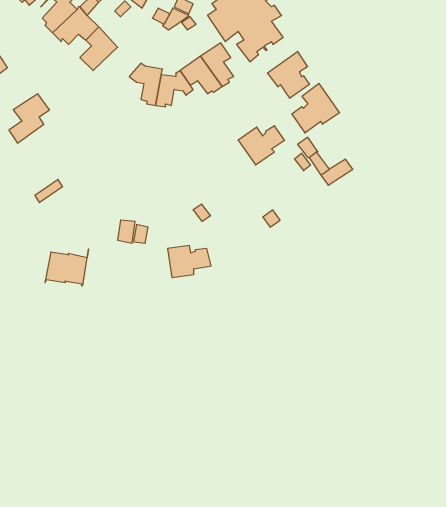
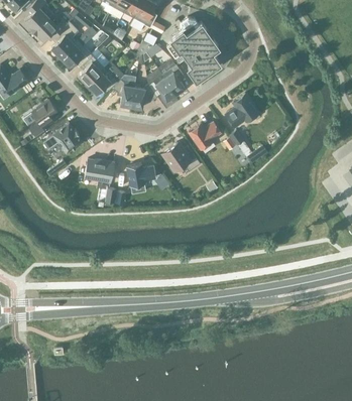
building: none -> [88,68,119,93]
building: [268,51,309,98] -> none
building: none -> [44,122,83,153]
building: none -> [163,142,201,171]
building: [168,246,211,278] -> [127,163,157,185]
building: [45,249,89,285] -> [85,156,115,181]

